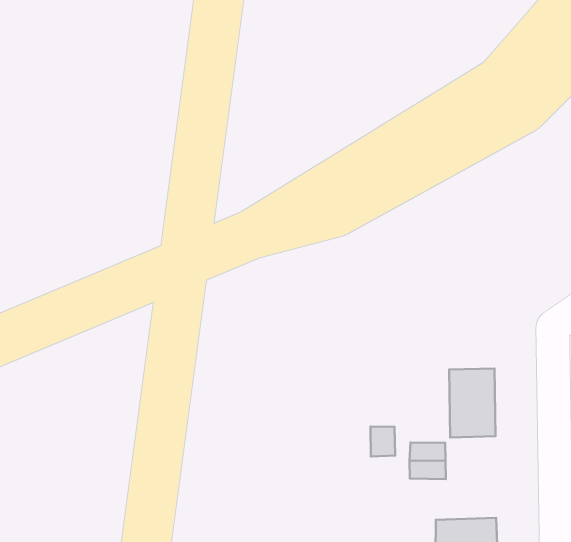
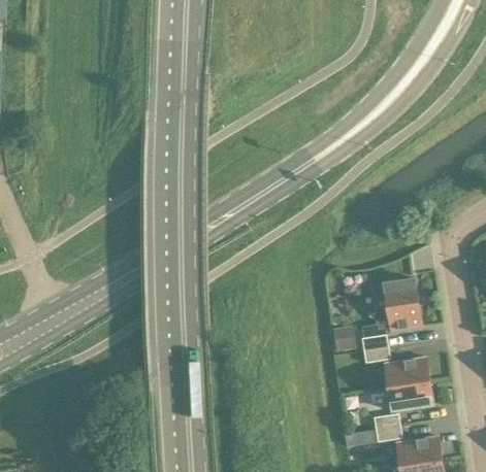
building: none -> [383,358,428,389]

